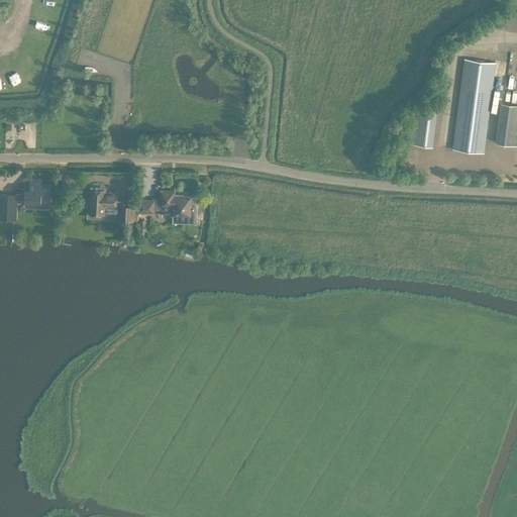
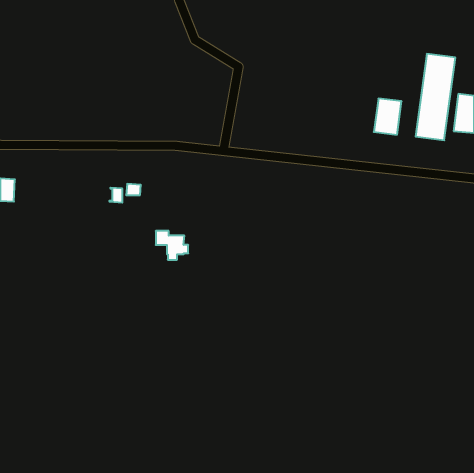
building: [19,181,51,209] -> none
building: [85,191,116,215] -> none
building: [160,193,195,224] -> [156,231,188,260]

